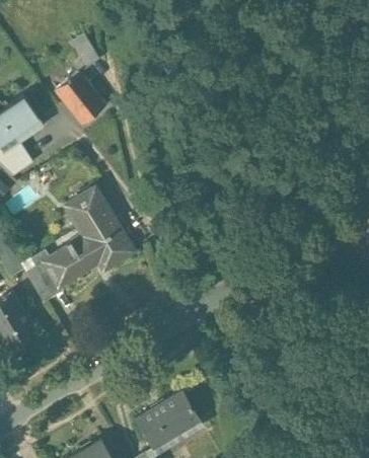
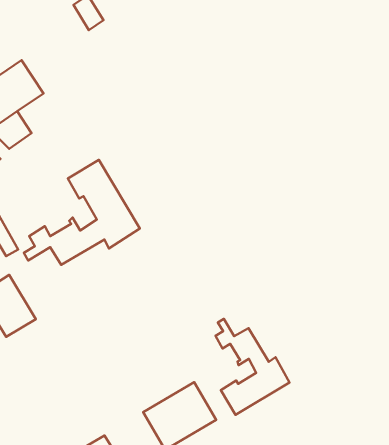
building: [55,73,105,126] -> none
building: [29,268,63,302] -> none
building: none -> [216,319,289,415]

